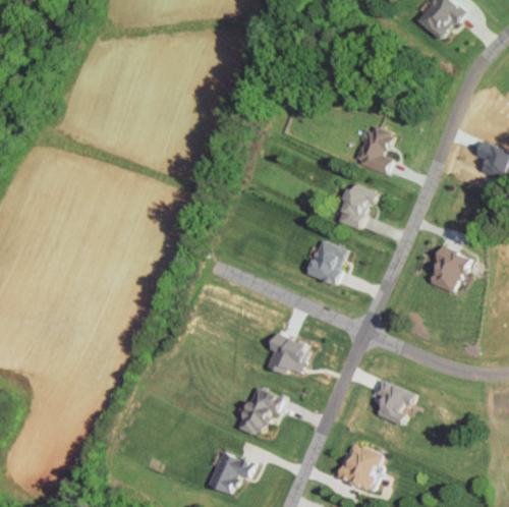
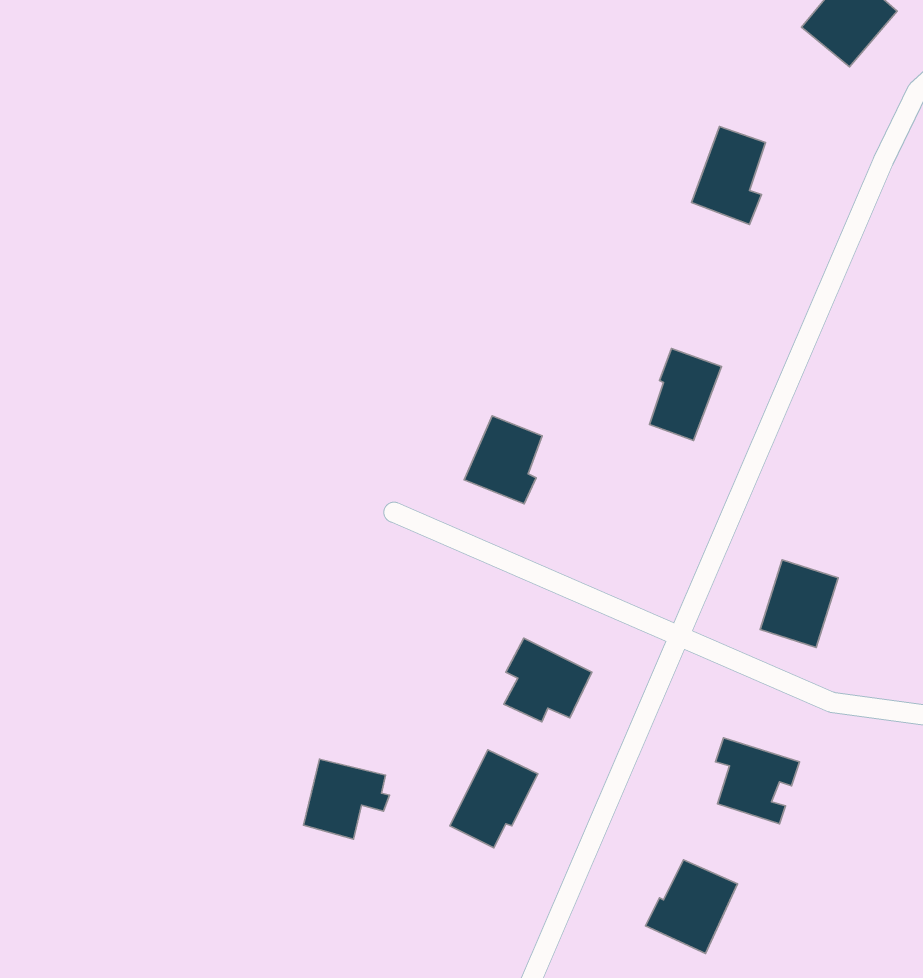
building: [354,123,392,173] -> [692,127,766,224]
building: [304,239,344,284] -> [464,416,542,504]
building: [426,246,465,291] -> [760,560,838,648]
building: [207,451,250,492] -> [304,759,389,839]

